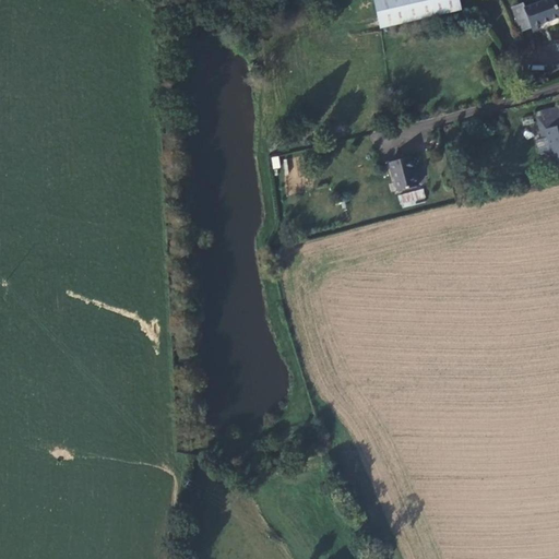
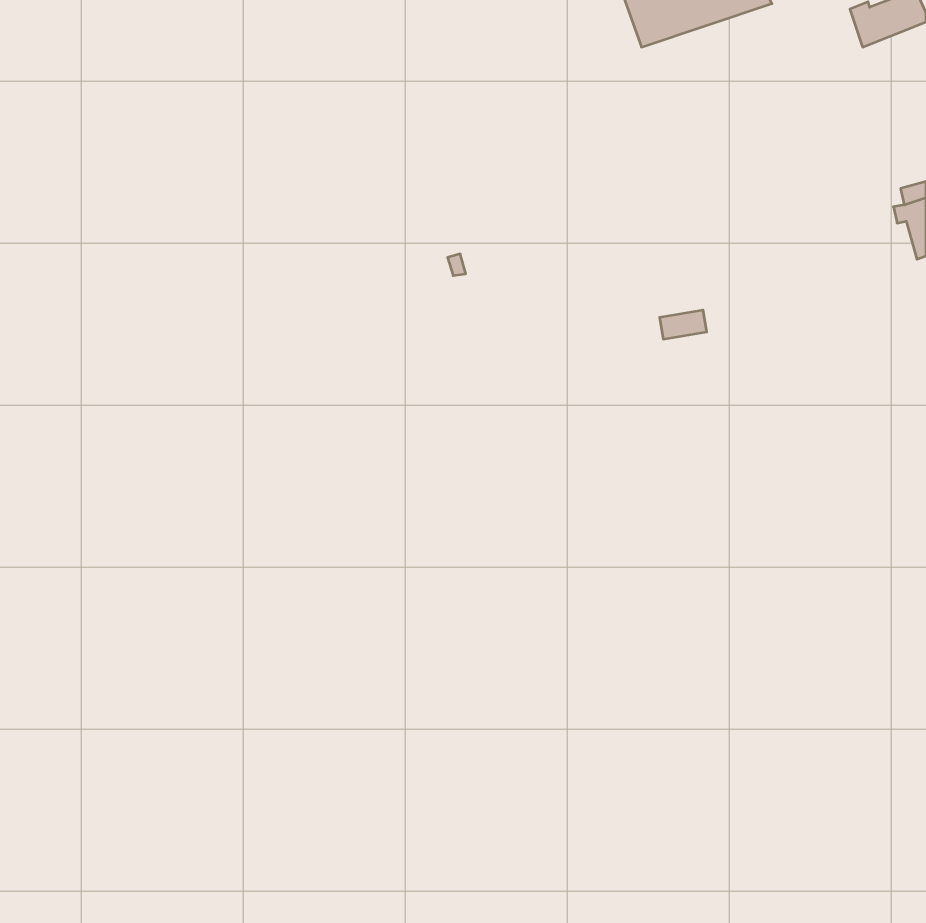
building: [390,152,417,185] -> none

